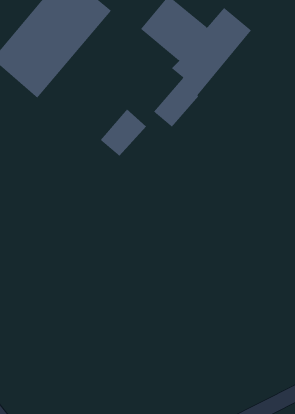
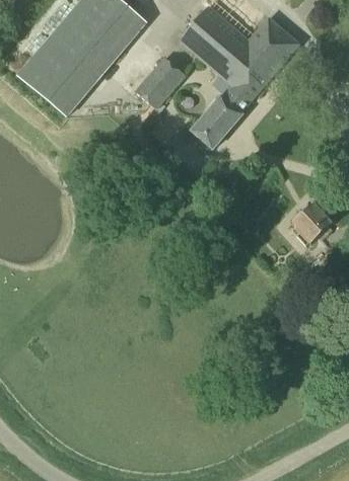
building: [100,109,147,157] -> [136,56,187,107]
building: none -> [292,204,331,242]

